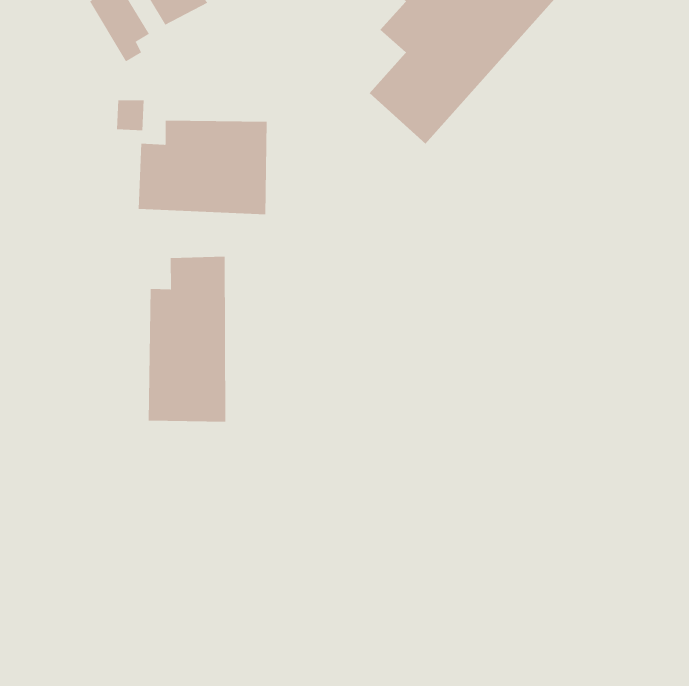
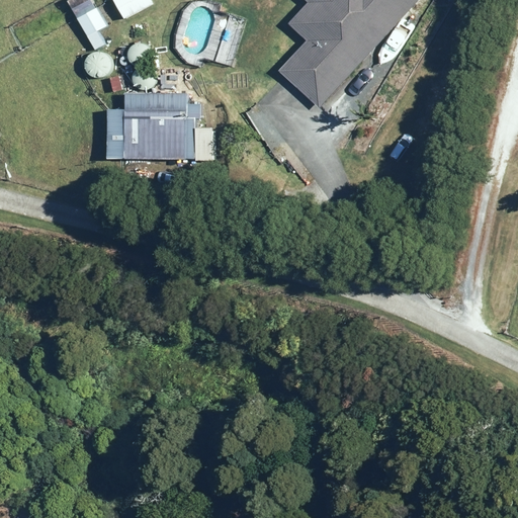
building: [148,256,226,422] -> none

